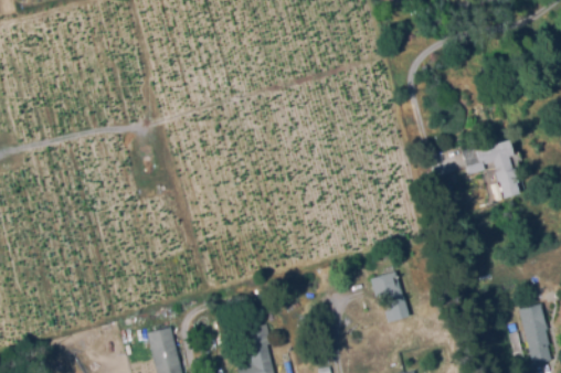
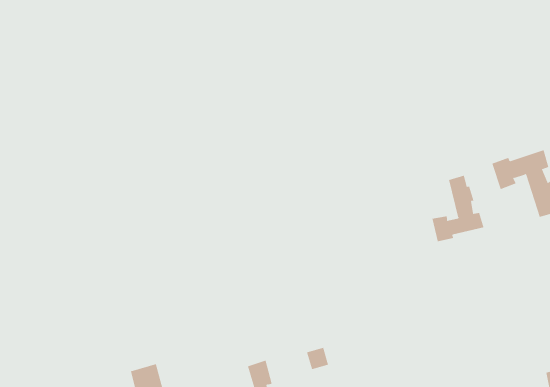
building: none -> [432,175,484,242]
building: [370,271,409,322] -> none

